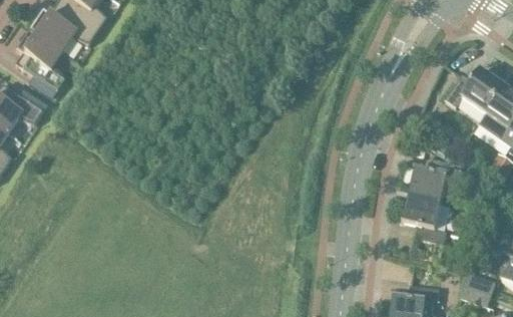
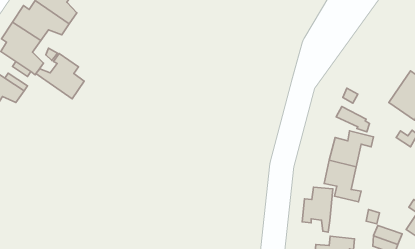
building: none -> [36,54,84,99]
building: [444,66,505,114] -> none
building: none -> [302,187,333,232]

